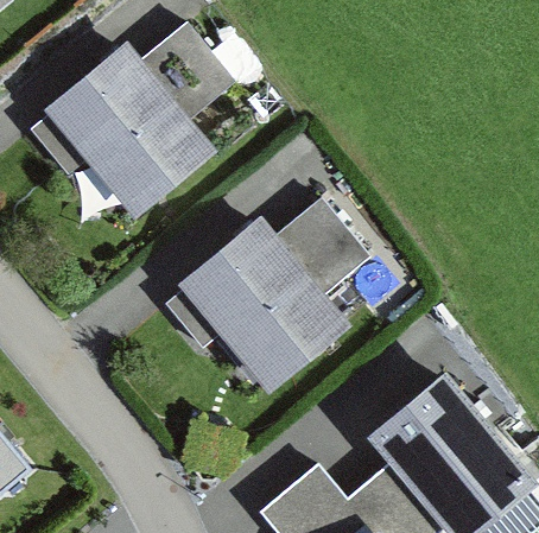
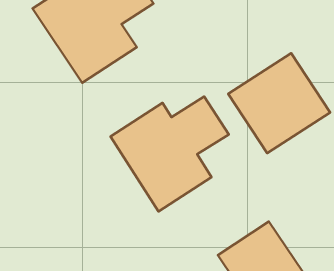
building: none -> [228,53,330,153]

